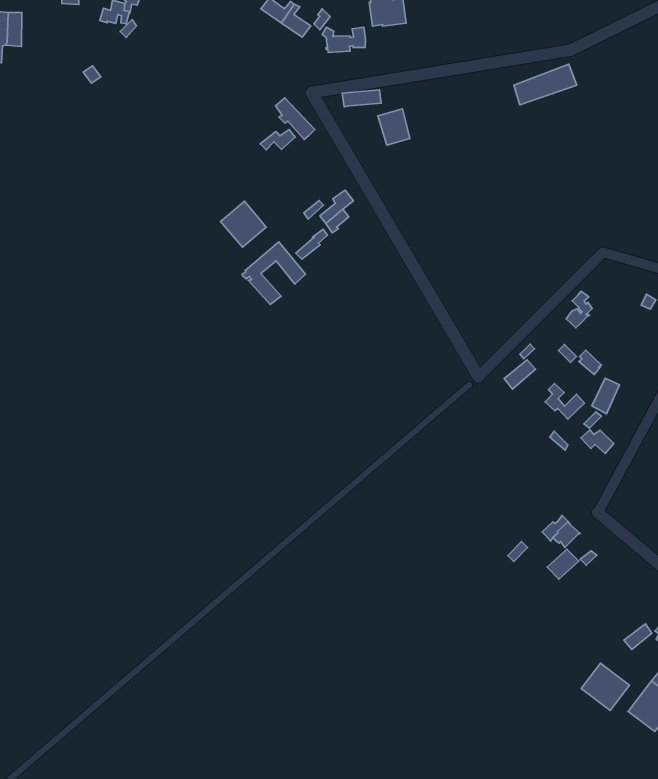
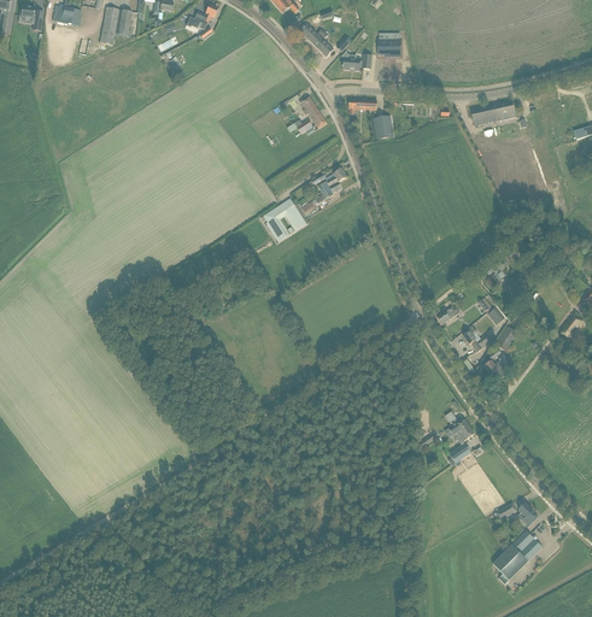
building: [221,201,266,247] -> none
building: [581,663,629,711] -> none

